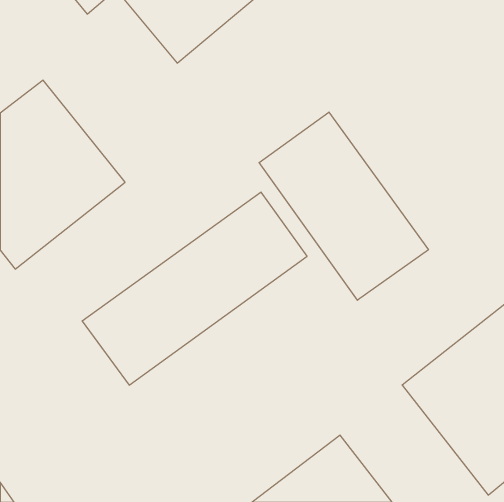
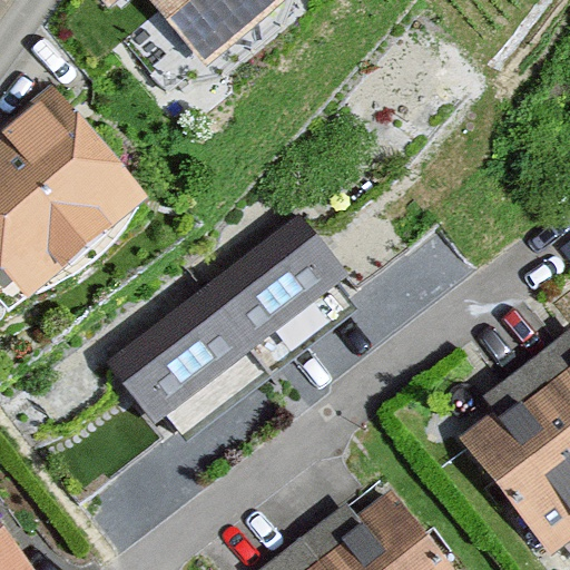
building: [259,112,428,300] -> none

